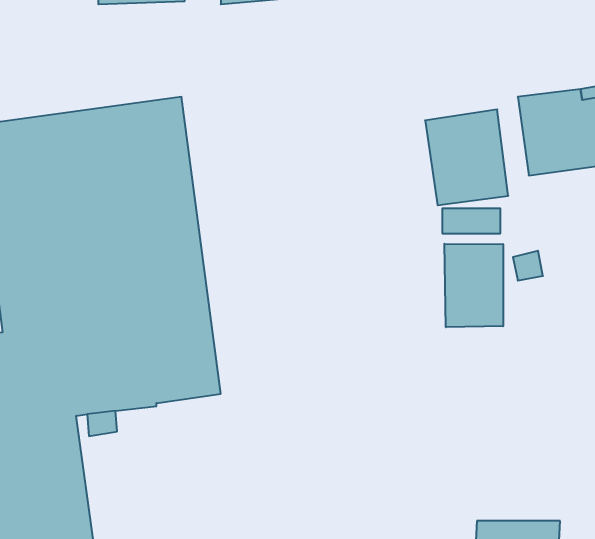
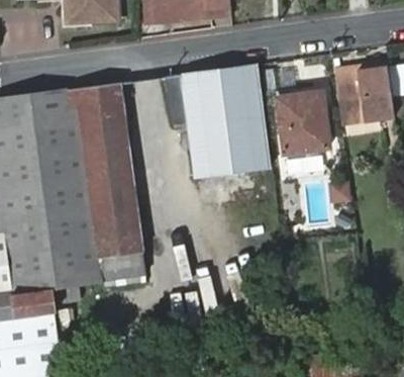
building: none -> [165,64,270,176]
building: [444,244,503,327] -> none

